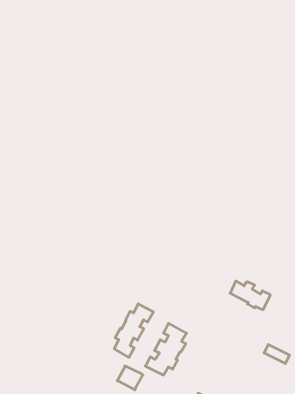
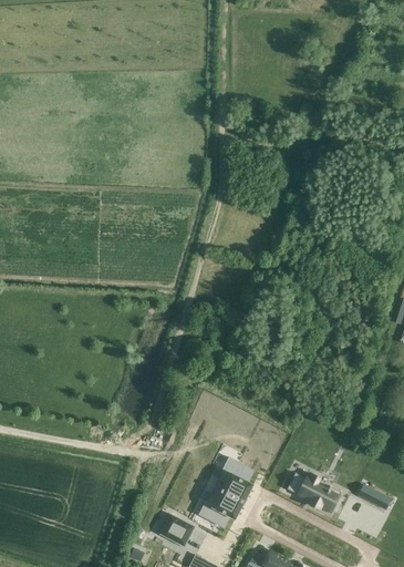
building: [230,281,270,310] -> [284,472,339,511]
building: [114,304,153,357] -> none

